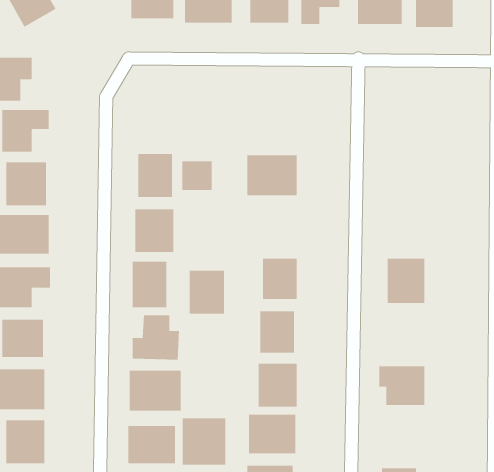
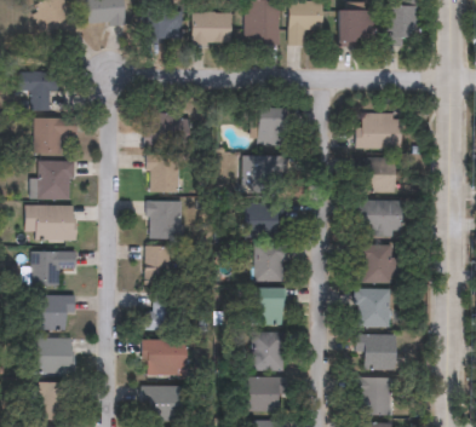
building: none -> [254,106,285,144]
building: none -> [359,112,403,146]
building: none -> [357,156,396,191]
building: [181,161,213,191] -> [150,112,177,138]
building: none -> [357,200,403,233]
building: none -> [247,203,280,237]
building: [189,270,224,315] -> none
building: none -> [357,288,392,327]
building: none -> [357,377,390,414]
building: [182,417,226,466] -> none

